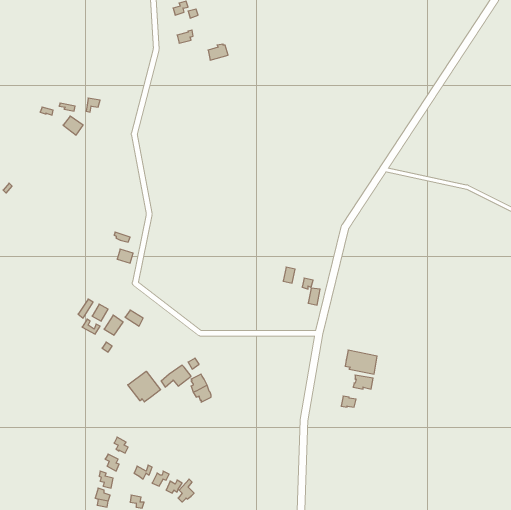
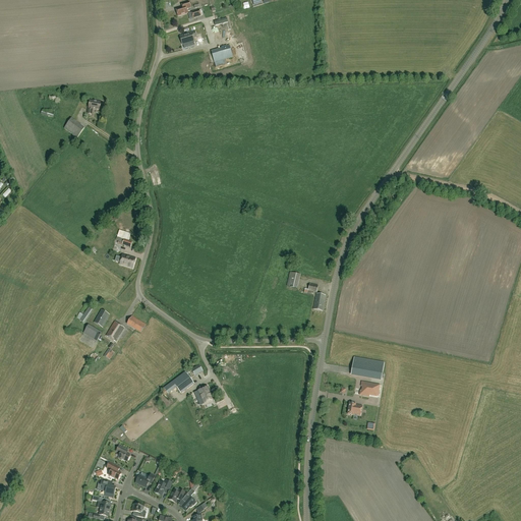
building: [128,371,161,402] -> none

